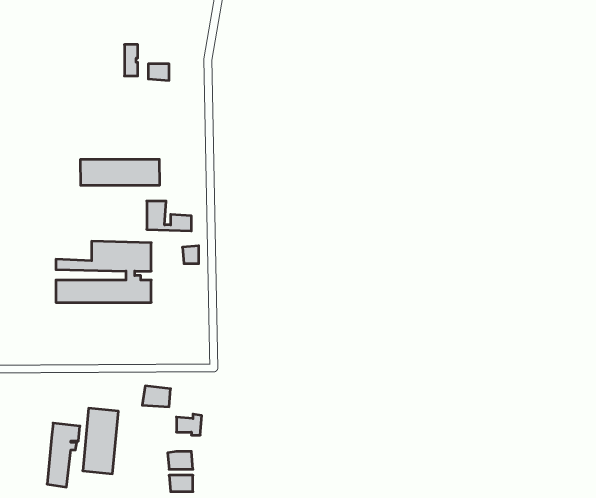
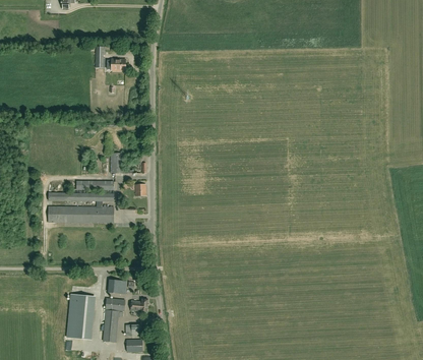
building: [81,159,159,185] -> none
building: [47,423,80,487] -> [103,299,125,343]

